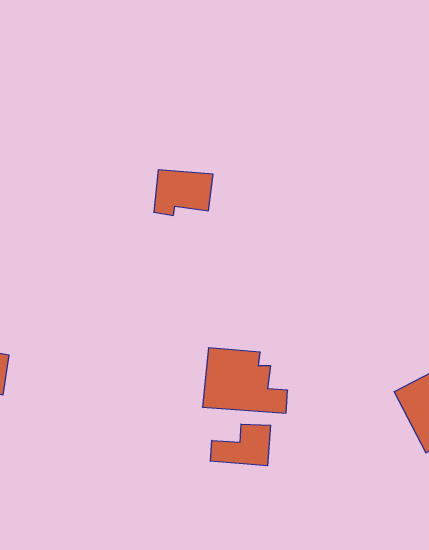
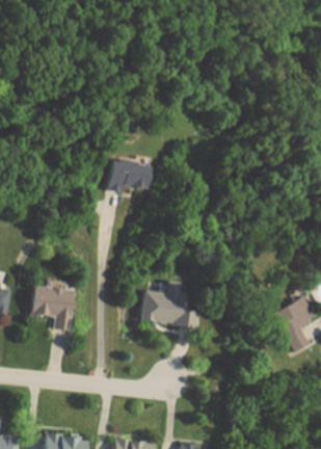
building: none -> [32,286,73,329]
building: [211,424,271,466] -> none

